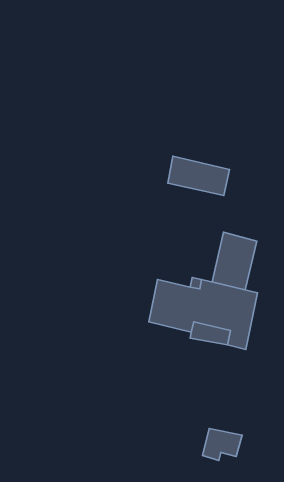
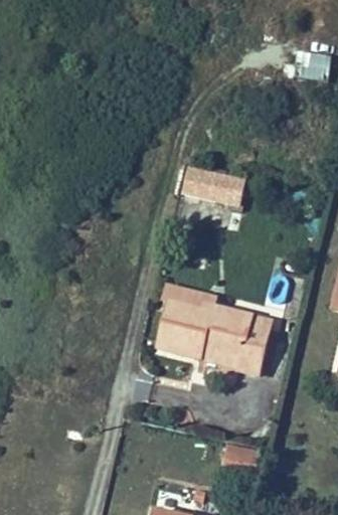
building: [212,232,257,290] -> none

